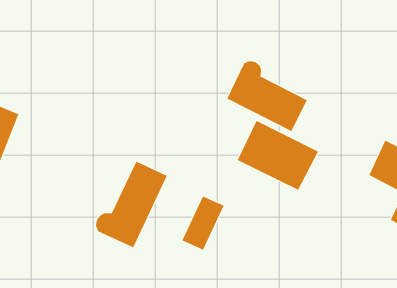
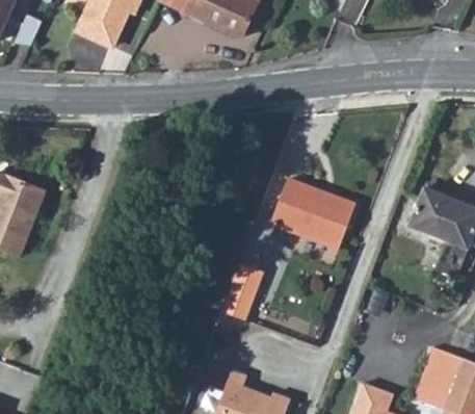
building: [226,61,307,132] -> none
building: [96,161,167,248] -> none

